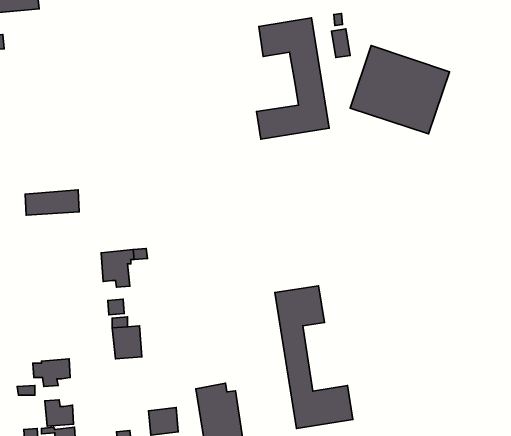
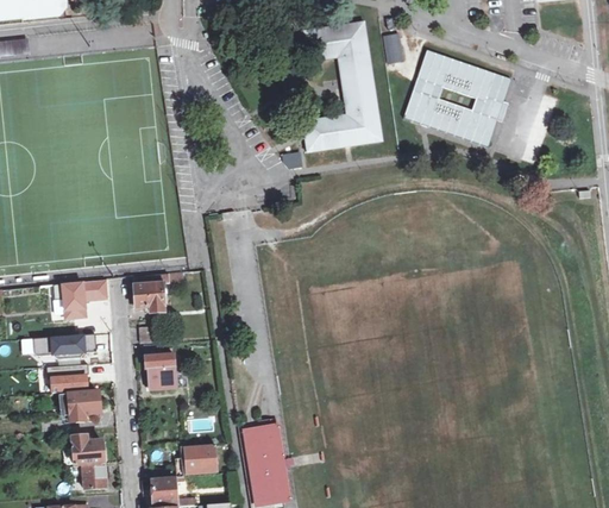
building: [25,190,79,215] -> [48,280,106,307]
building: [275,286,353,428] -> none
building: none -> [37,332,98,358]
building: none -> [48,362,90,391]

